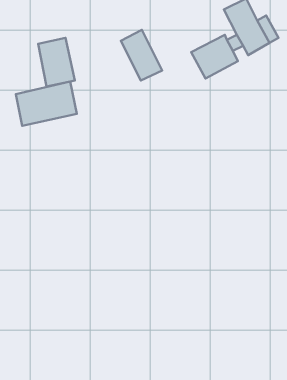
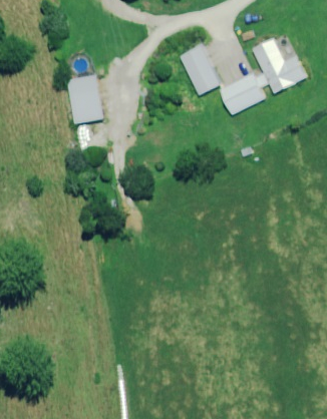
building: [121,30,162,81] -> [179,45,220,95]
building: [16,81,77,126] -> none

